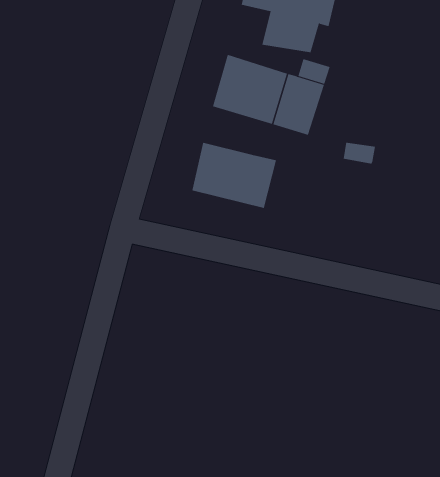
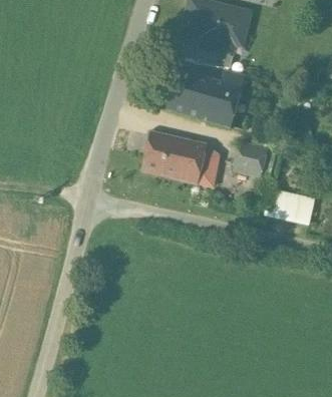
building: none -> [236,145,268,177]
building: none -> [197,147,219,186]
building: none -> [268,191,315,222]

